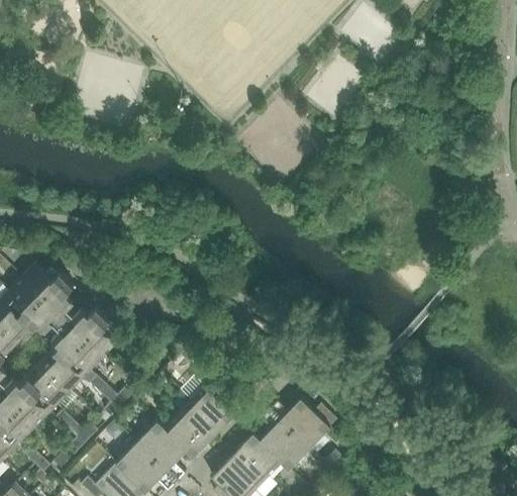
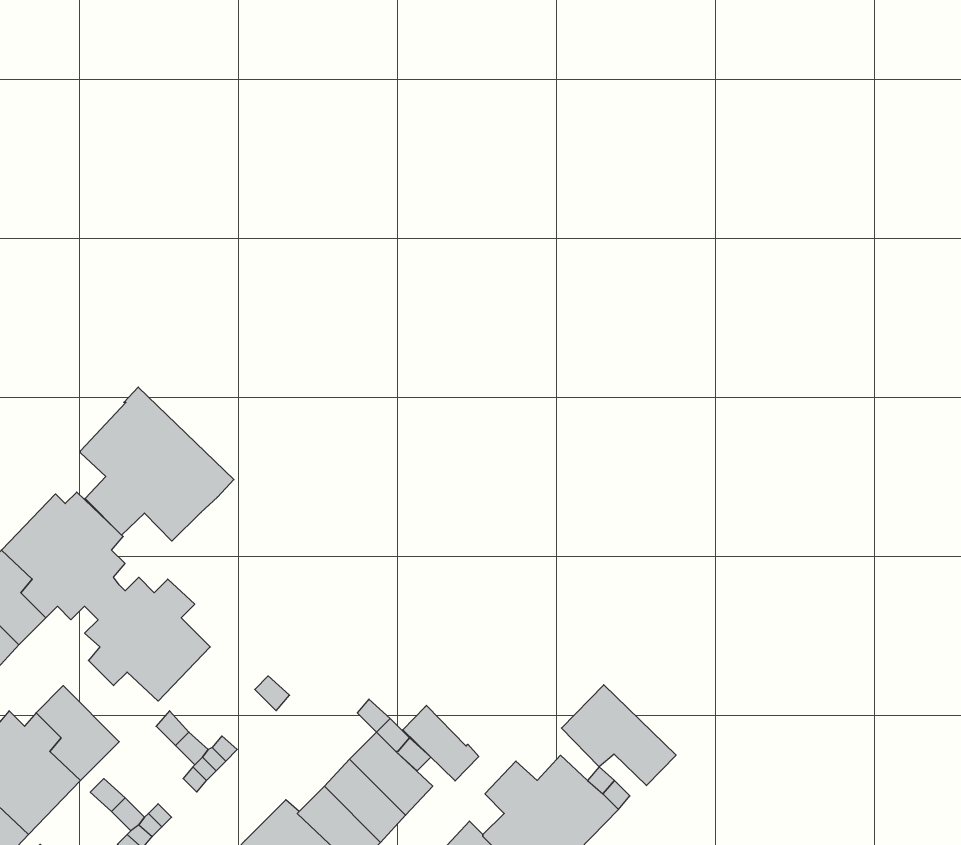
building: none -> [81,387,234,541]
building: [40,349,90,391] -> none
building: none -> [561,685,676,786]
building: none -> [403,705,479,781]

